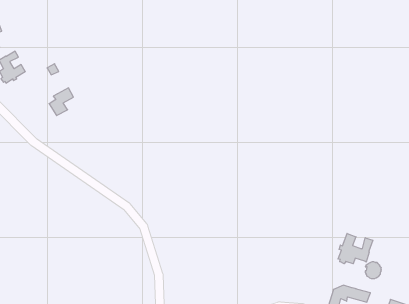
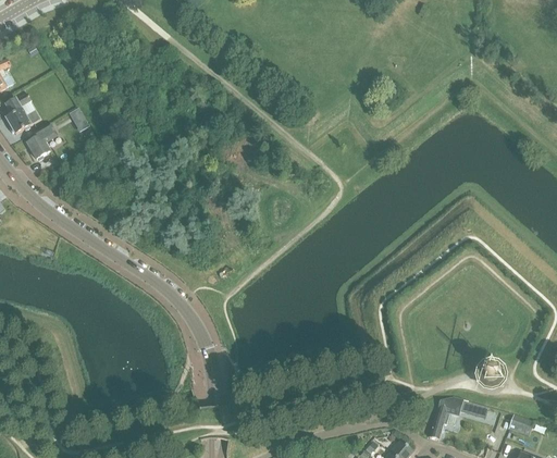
building: [49,88,73,116] -> [26,123,58,159]
building: [338,233,373,264] -> none

